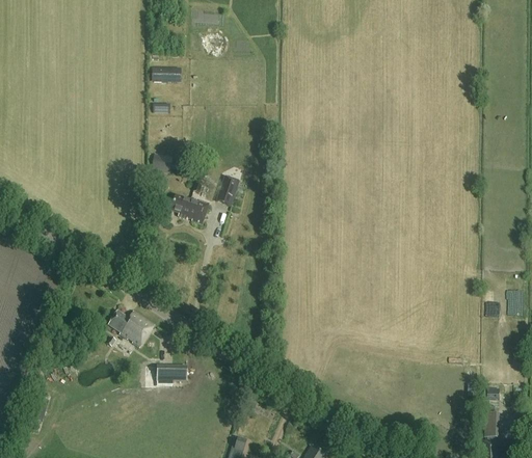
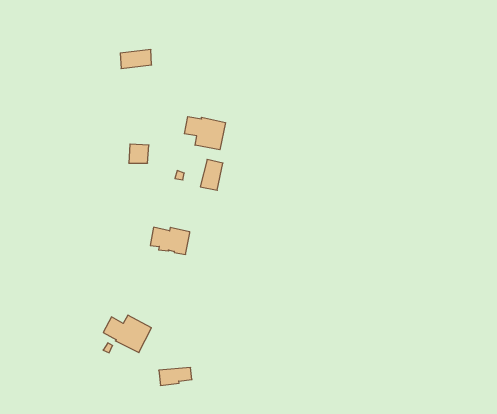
building: none -> [184,117,225,150]
building: [170,194,209,223] -> [150,227,190,254]

